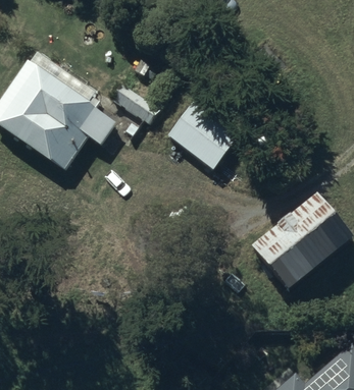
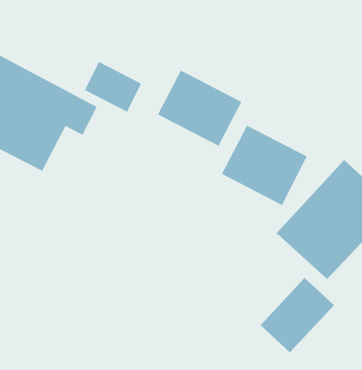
building: none -> [221,125,308,206]
building: none -> [260,277,335,353]

